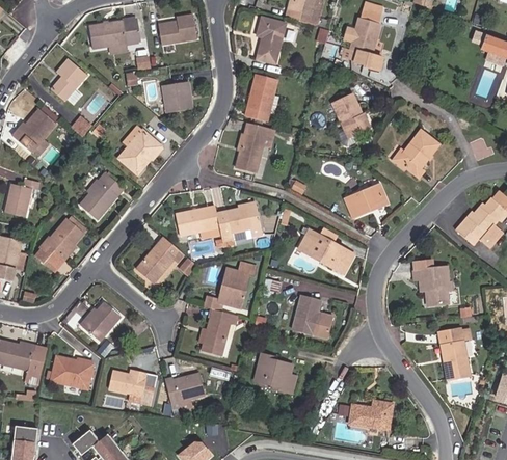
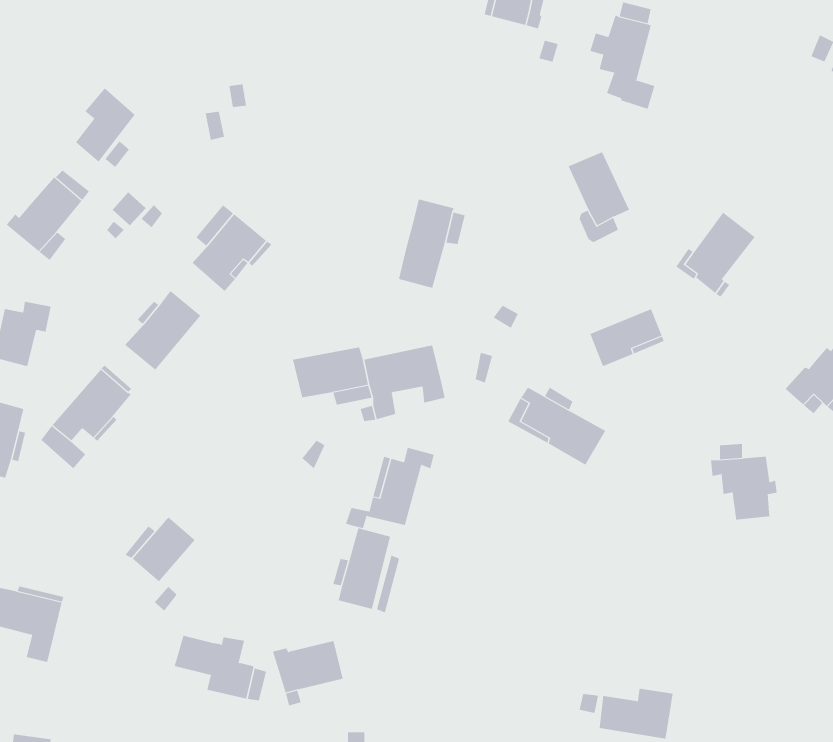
building: [159,13,196,44] -> none
building: [257,17,286,62] -> none
building: [89,19,138,49] -> none
building: [245,74,277,121] -> none
building: [162,81,192,112] -> none
building: [136,237,184,282] -> none
building: [292,294,331,337] -> none
building: [438,328,470,379] -> none
building: [255,353,298,393] -> none
building: [50,355,94,388] -> none

